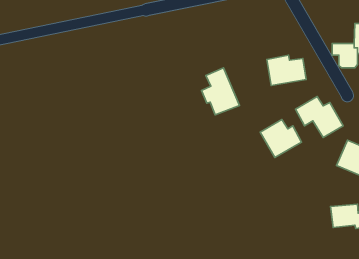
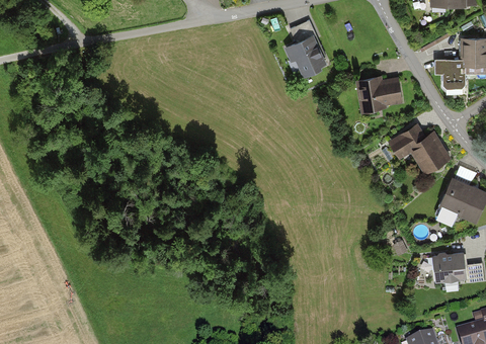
building: [202,68,239,115] -> [284,20,329,77]
building: [260,120,301,158] -> none

